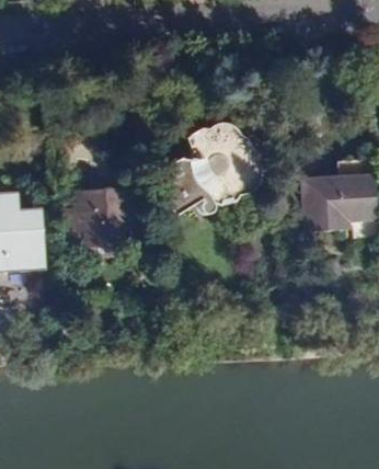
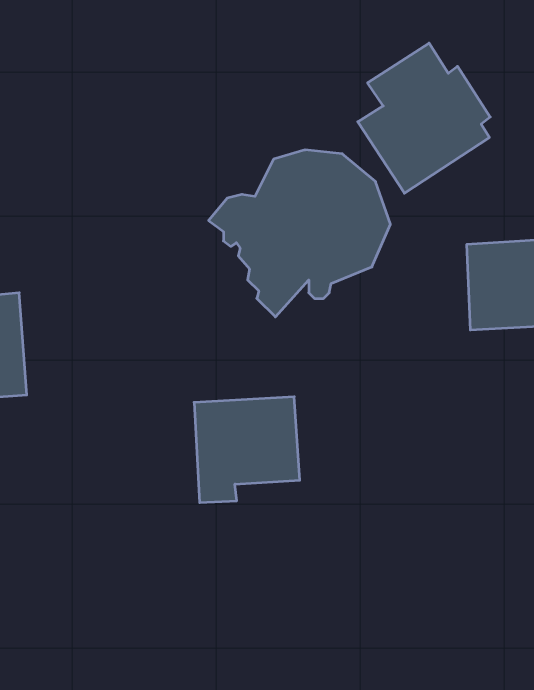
building: none -> [358,43,490,193]
building: [71,183,134,245] -> [194,397,300,503]

